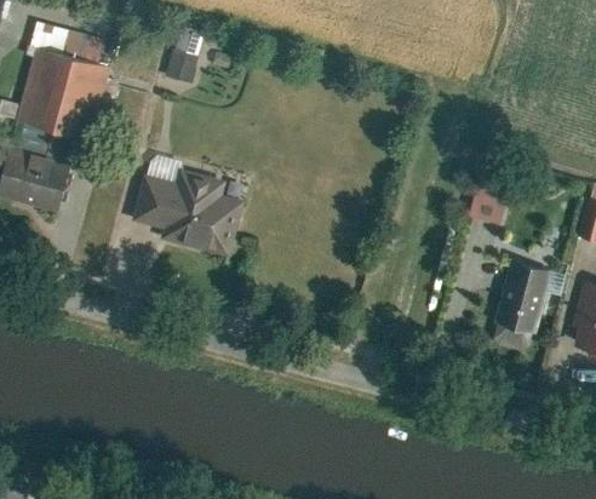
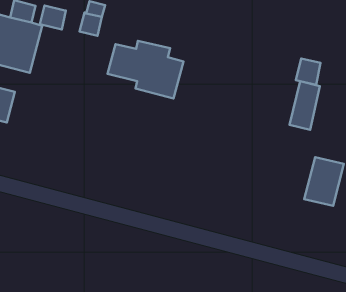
building: none -> [40,5,66,29]
building: none -> [296,58,321,85]
building: [132,171,243,256] -> [107,41,183,99]

